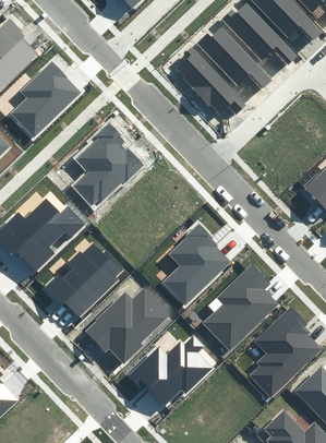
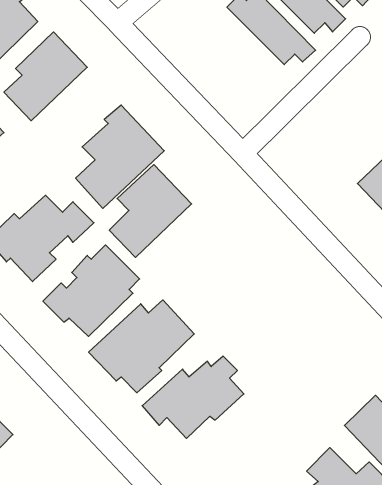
building: [174,48,245,117] -> none
building: [161,227,230,304] -> [109,165,192,257]
building: [202,263,275,350] -> none
building: [250,308,318,397] -> none

